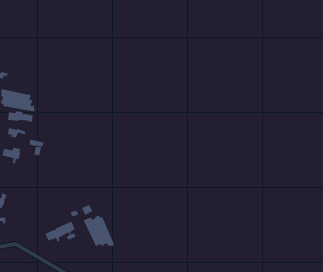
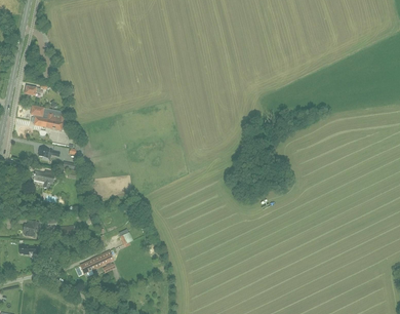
building: [83,215,115,247] -> none

